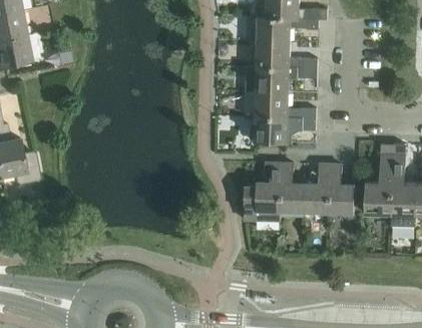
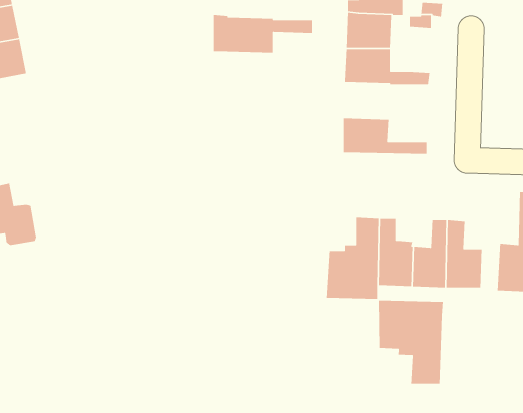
building: [246,64,317,92] -> [213,14,313,54]
building: [251,116,316,142] -> none
building: none -> [378,300,444,385]

